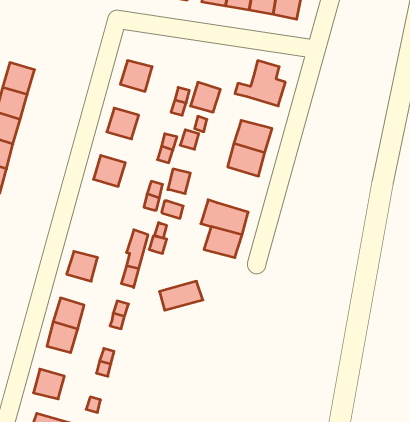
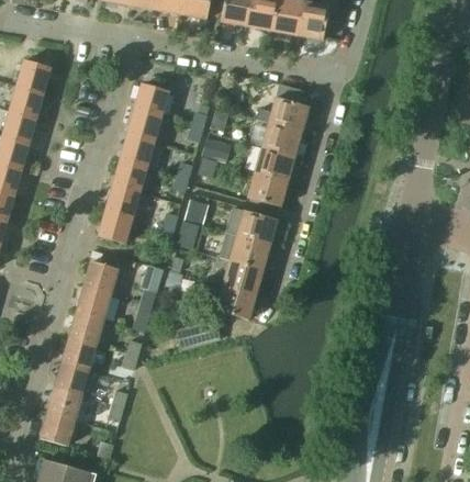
building: none -> [16,59,49,93]
building: none -> [127,109,160,142]
building: none -> [262,122,302,156]
building: none -> [113,159,146,192]
building: none -> [227,206,278,245]
building: none -> [99,210,132,243]
building: none -> [85,261,118,293]
building: none -> [216,284,256,318]
building: none -> [70,311,103,344]
building: none -> [48,388,81,419]

